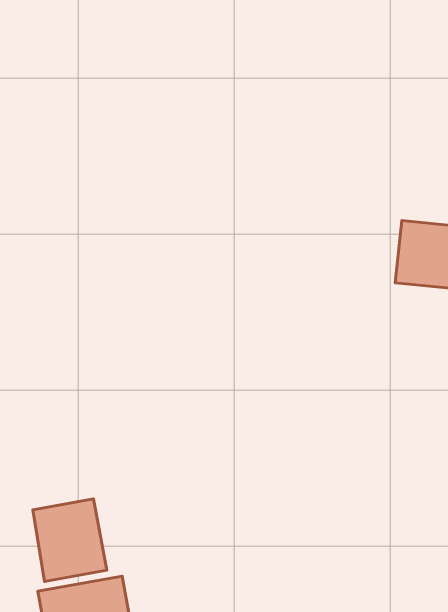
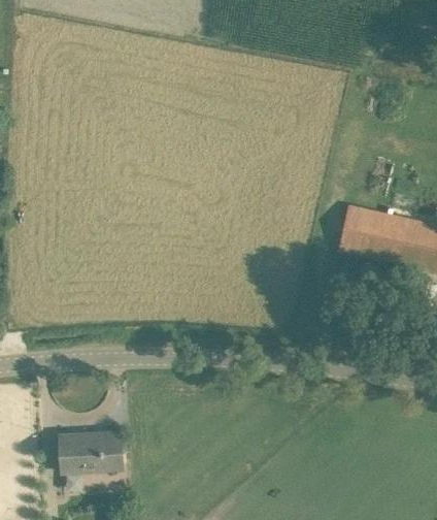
building: [33,499,107,581] -> none

